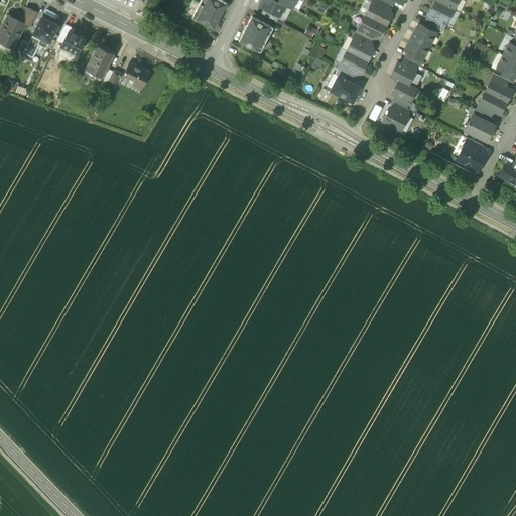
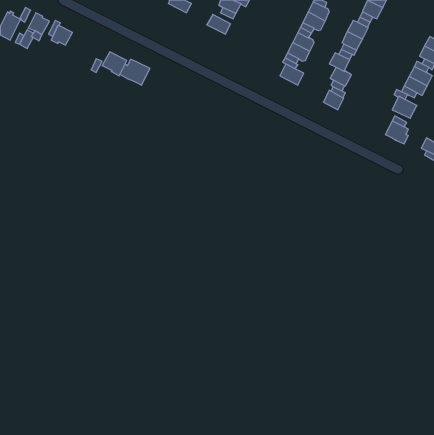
building: [194,4,222,29] -> none
building: [240,29,268,53] -> none
building: [85,45,115,78] -> none
building: none -> [120,59,150,85]

